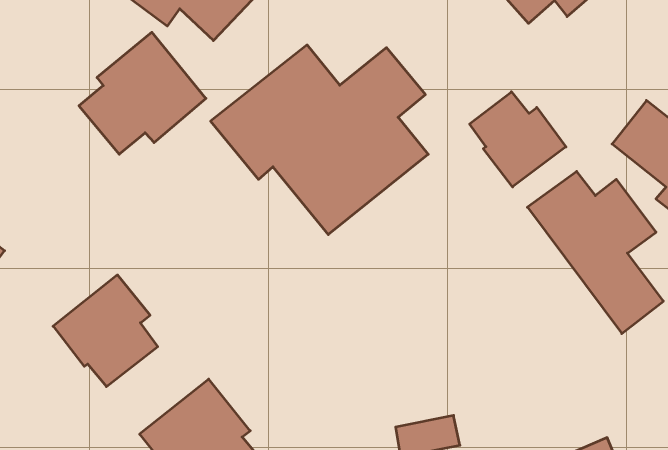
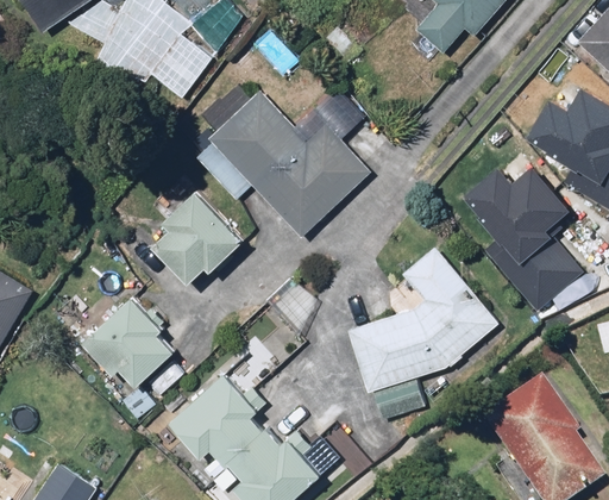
building: [79,32,206,154] -> [144,186,247,289]
building: [470,92,566,187] -> none
building: none -> [334,244,501,394]

